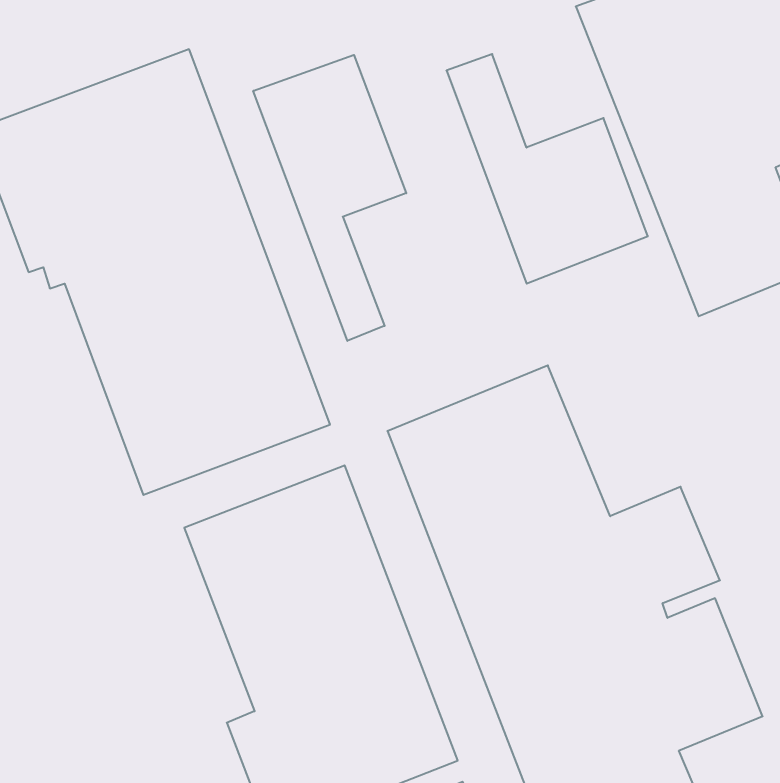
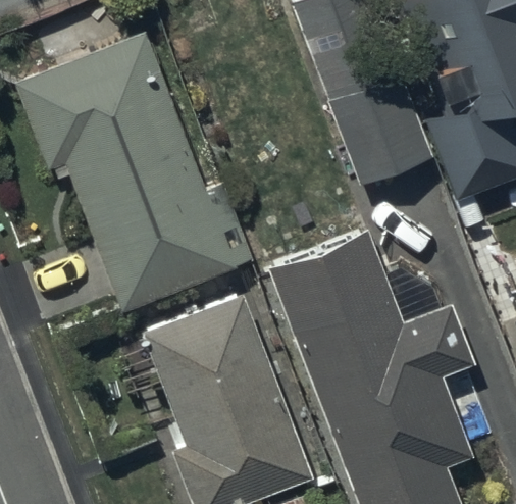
building: [253,55,406,341] -> none

